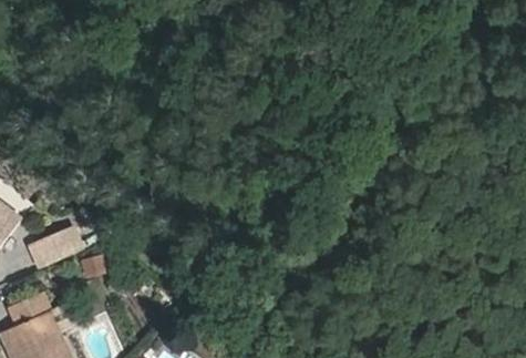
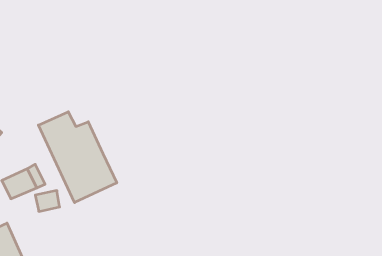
building: none -> [38,112,117,203]

